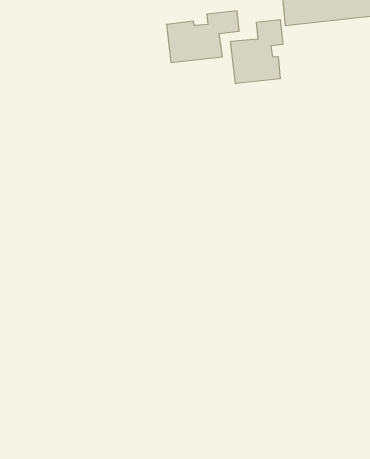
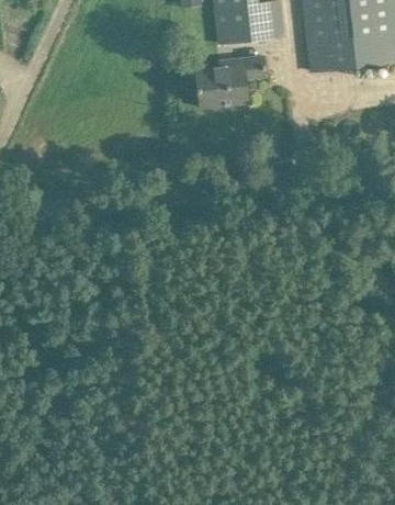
building: [231,20,283,84] -> none

